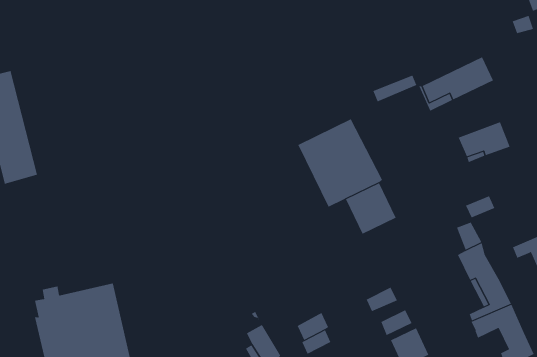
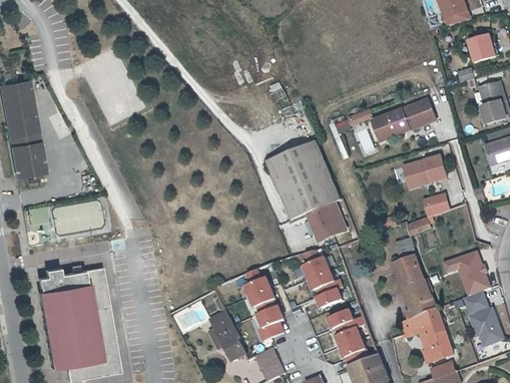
building: none -> [422,193,448,215]
building: none -> [53,204,99,233]
building: none -> [301,256,334,289]
building: none -> [241,268,275,308]

